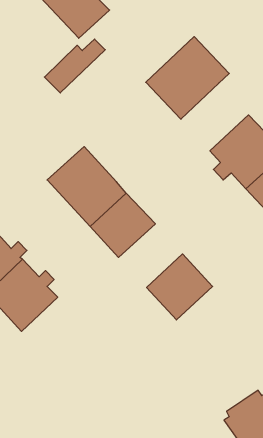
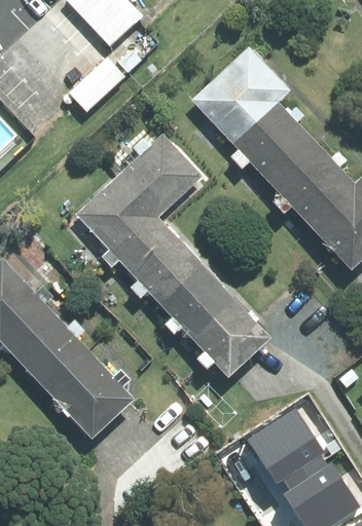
building: none -> [229,101,312,180]
building: none -> [119,135,201,216]
building: none -> [159,265,234,339]
building: none -> [46,350,134,438]
building: none -> [247,408,324,484]

